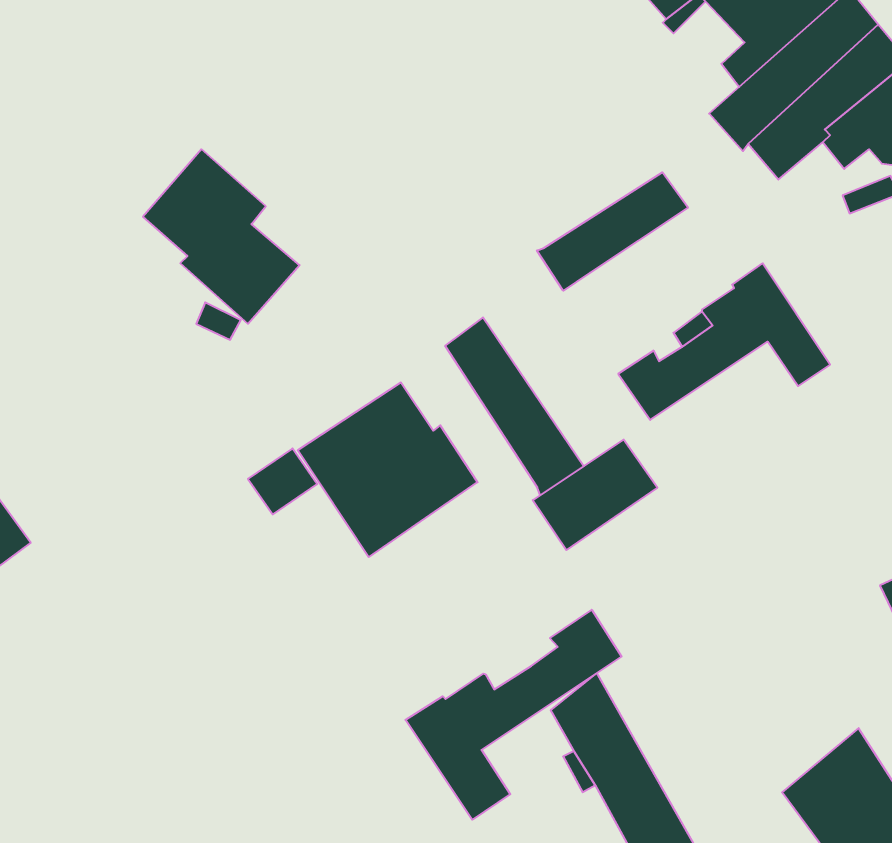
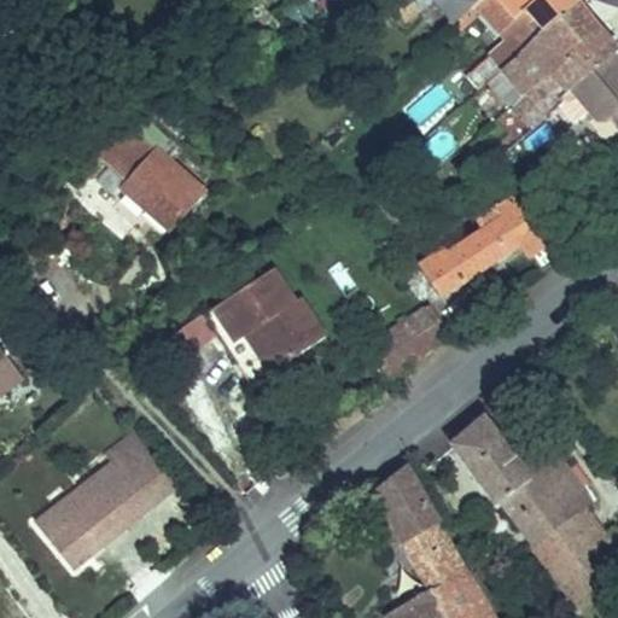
building: [537,172,688,291] -> none
building: [445,317,584,495] -> none
building: none -> [454,416,590,546]
building: [405,610,622,820] -> none
building: none -> [35,431,173,567]

